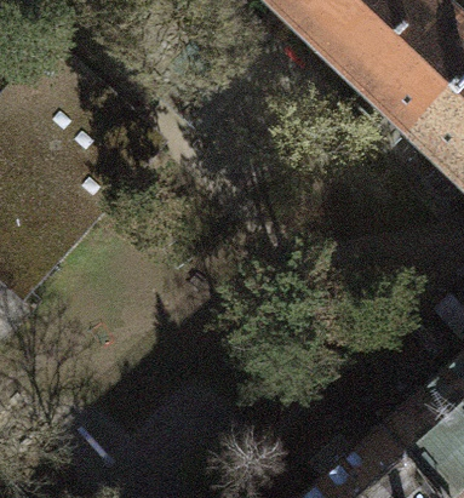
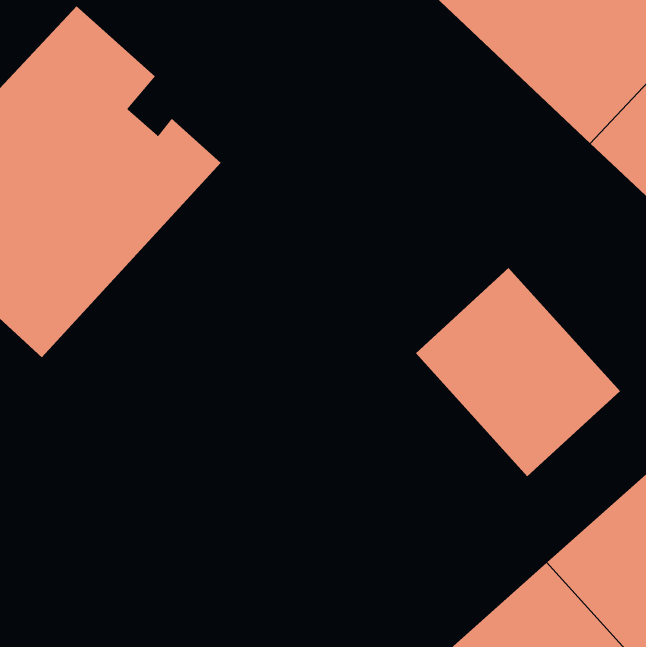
building: none -> [415,267,621,477]

